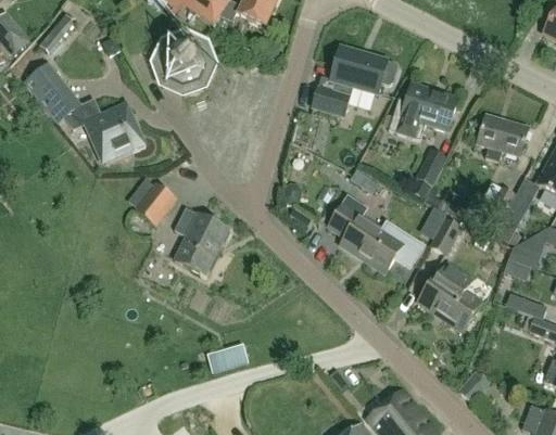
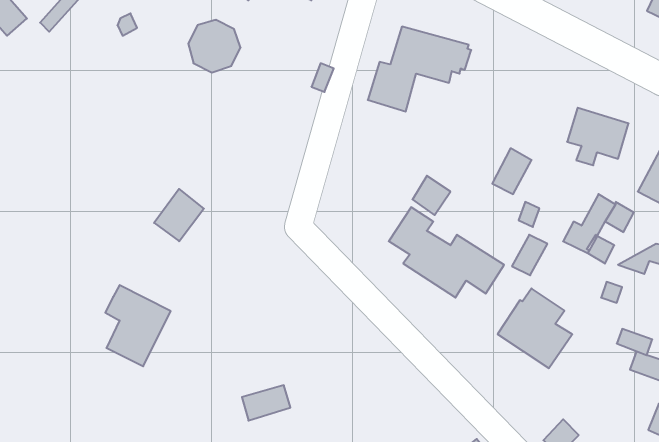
building: [25,64,144,161] -> none
building: [388,82,458,140] -> none
building: [174,207,228,274] -> [105,285,171,366]

